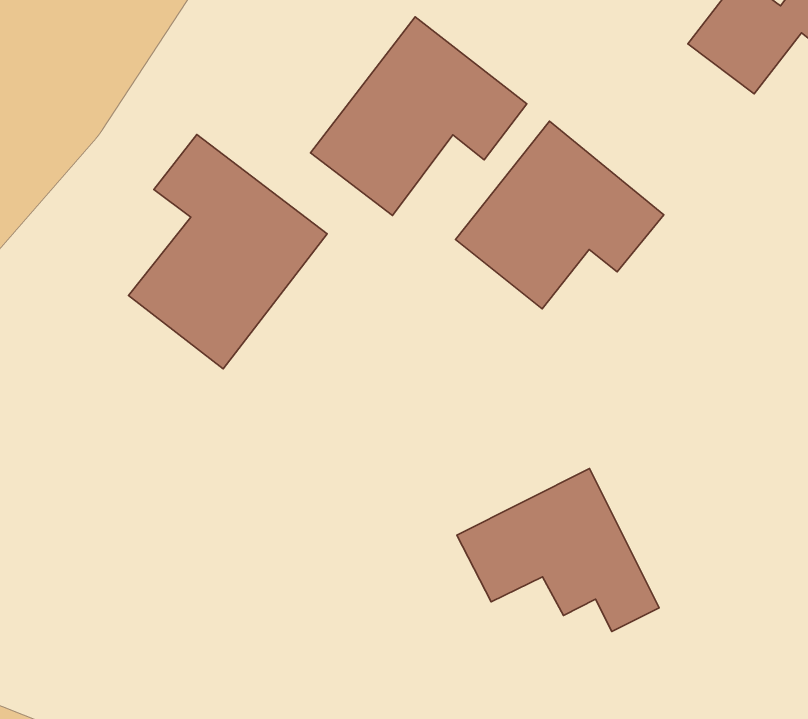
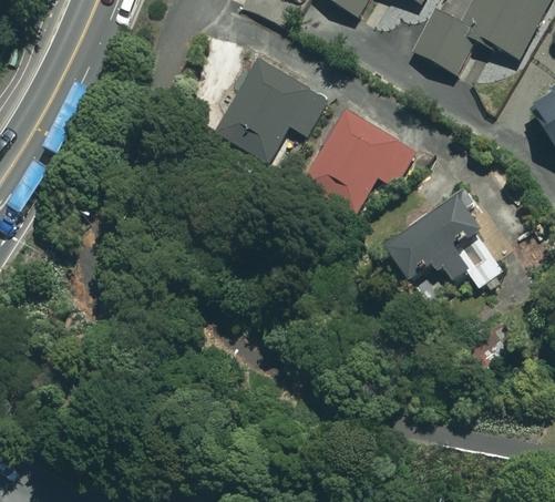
building: [129,134,327,369] -> none
building: [457,469,659,631] -> [382,196,503,286]

